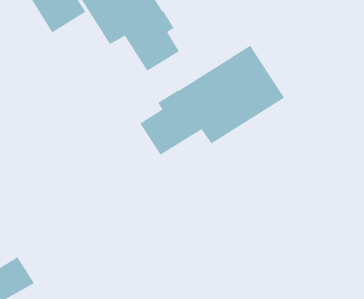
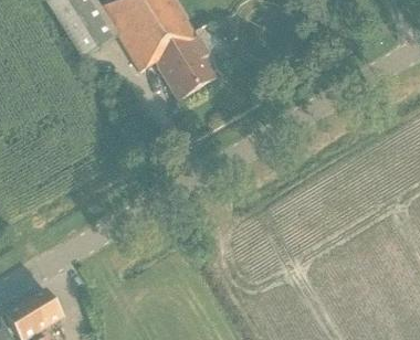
building: [139,45,285,156] -> none

